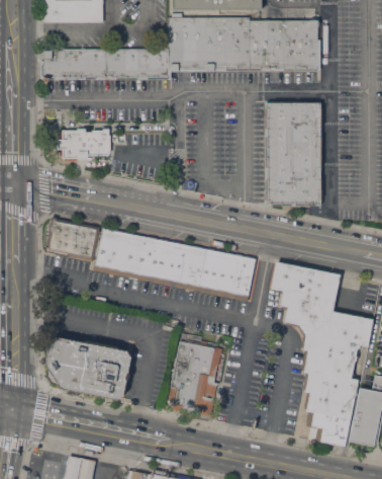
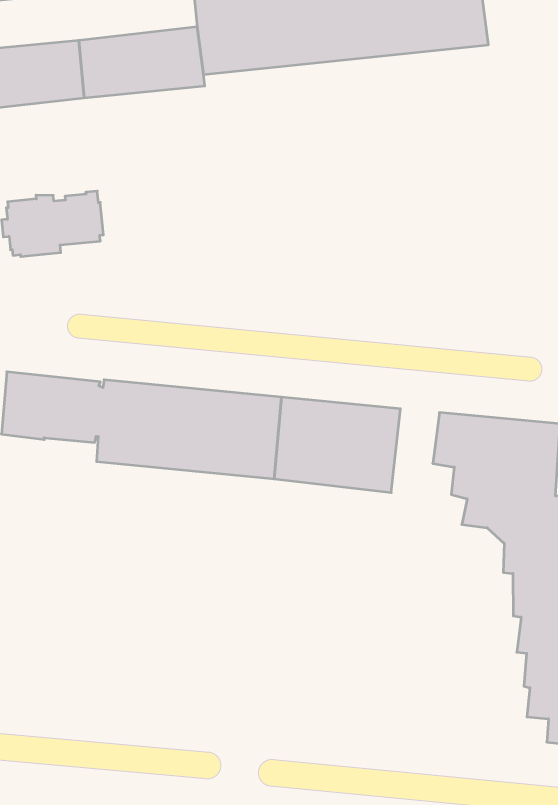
building: [266,102,320,205] -> none
building: [167,331,222,418] -> none
building: [44,335,128,397] -> none

